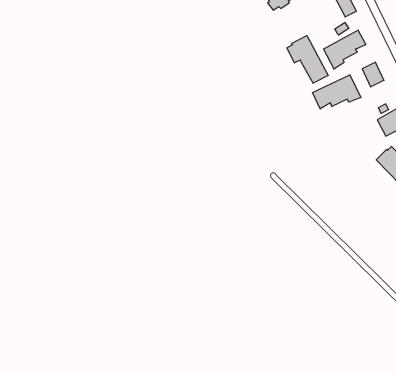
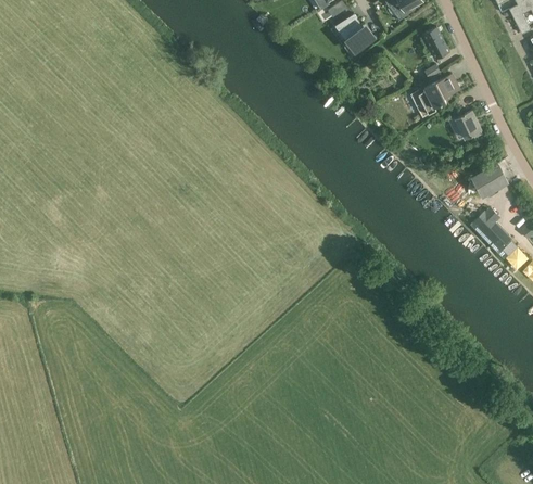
building: [287,36,328,83] -> none
building: [312,75,361,109] -> none

